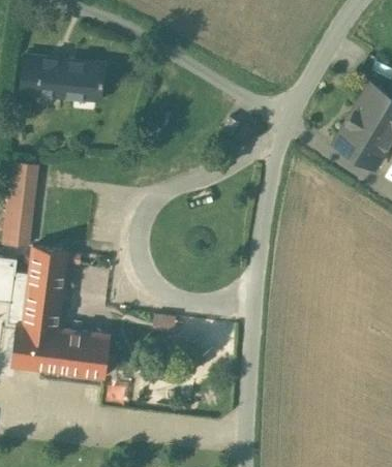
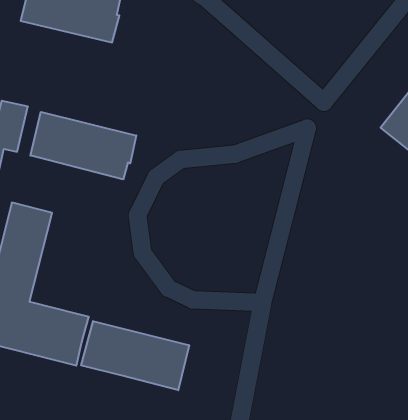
building: none -> [30,112,136,179]
building: none -> [81,321,189,390]

